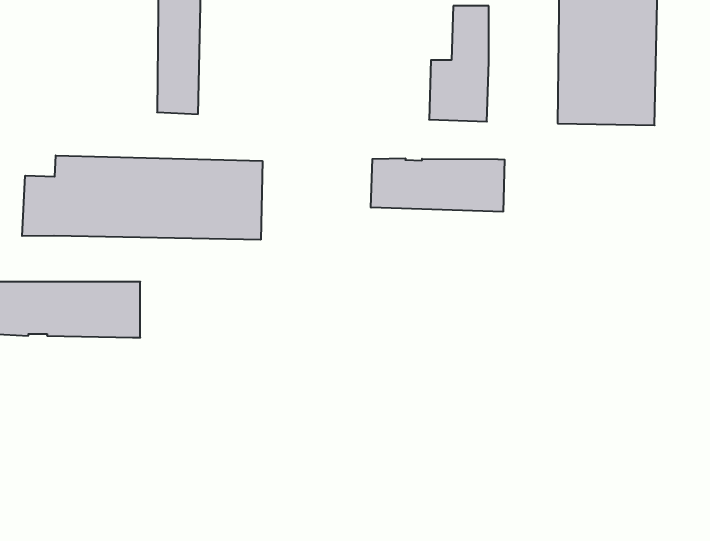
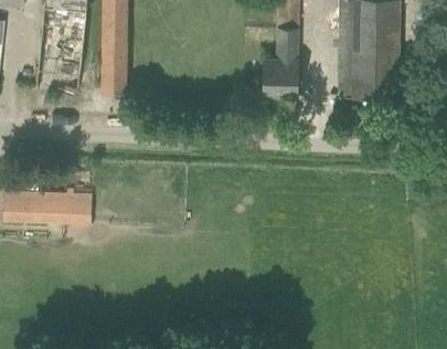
building: [22,155,262,240] -> none
building: [371,158,505,212] -> none

